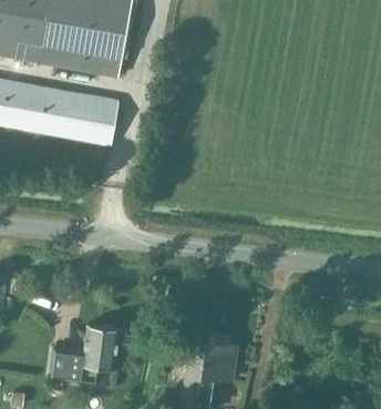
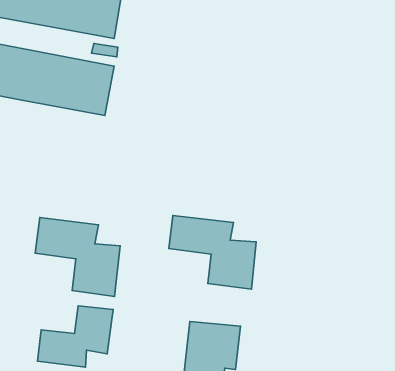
building: none -> [169,216,256,289]
building: none -> [35,218,120,297]

